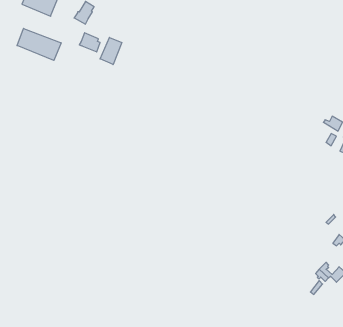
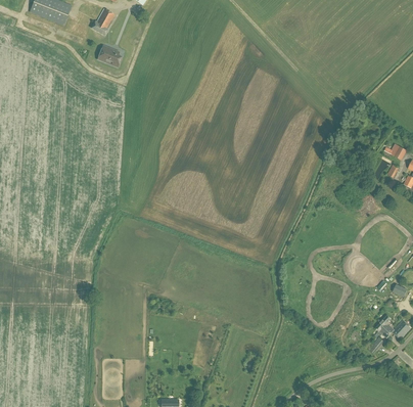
building: [17,28,61,60] -> none
building: [100,37,122,65] -> none

